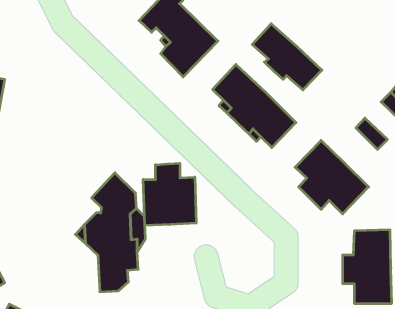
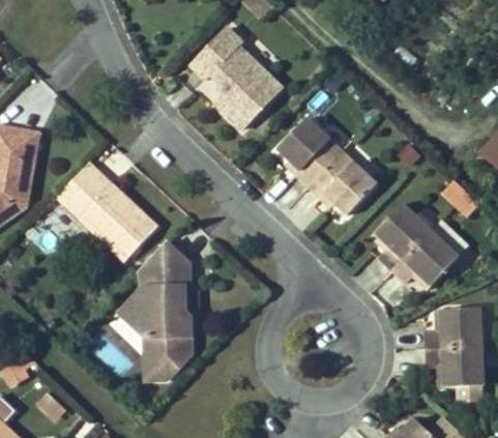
building: [252,24,322,90] -> none
building: none -> [57,162,156,261]
building: [143,163,196,225] -> none

